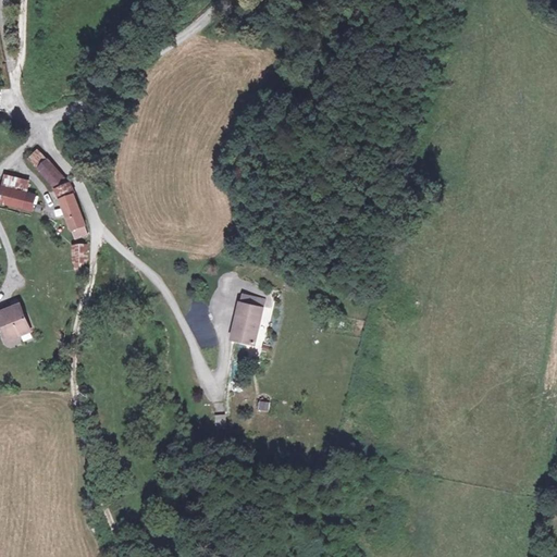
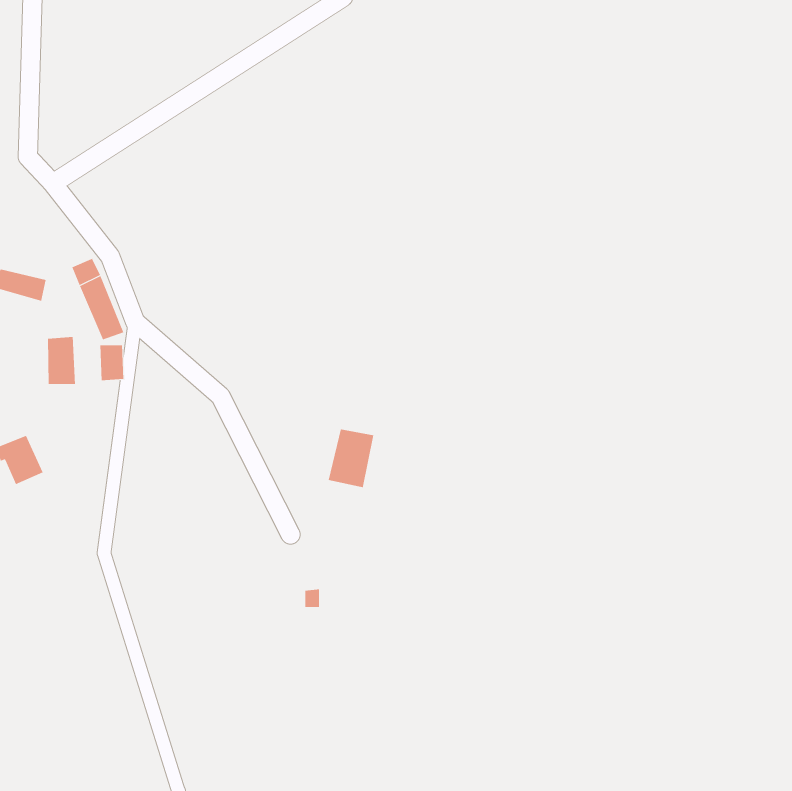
building: [26,146,64,183] -> none
building: none -> [47,336,75,385]

